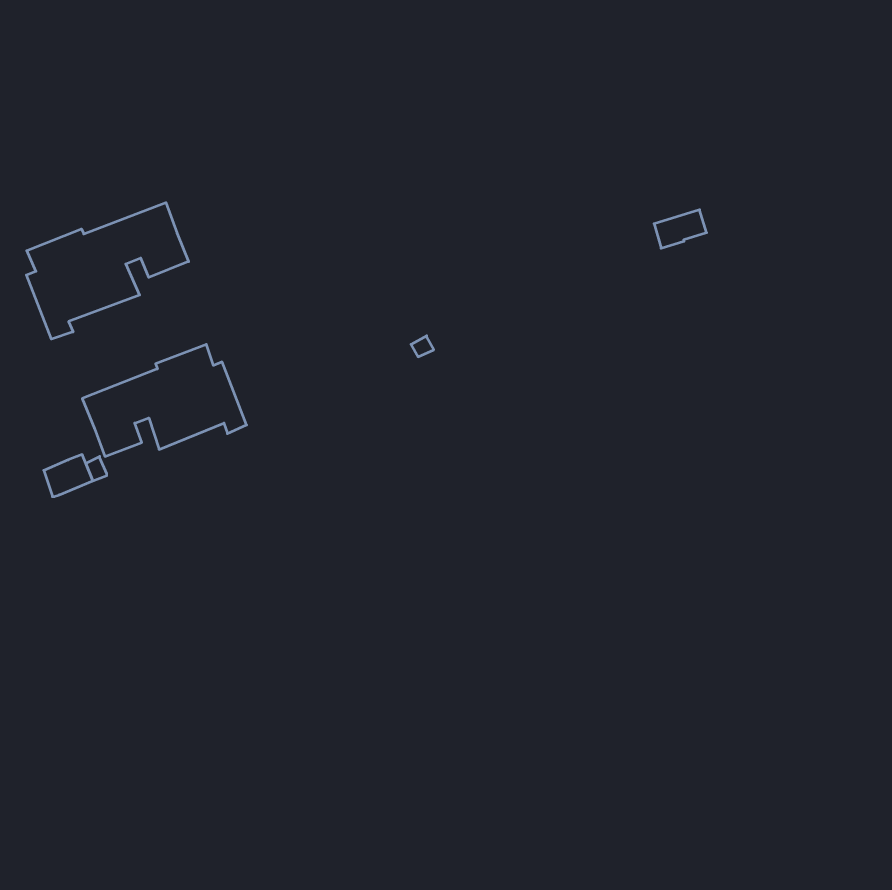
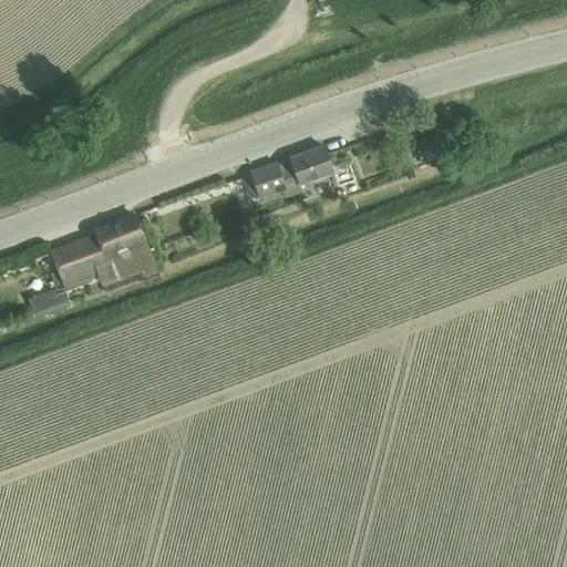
building: [26,203,189,339] -> none
building: none -> [243,145,339,197]

